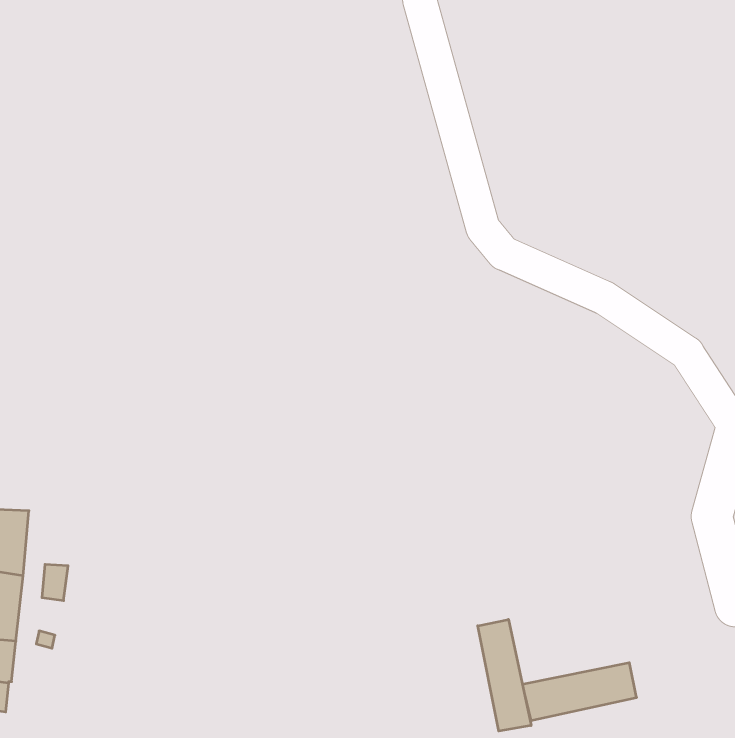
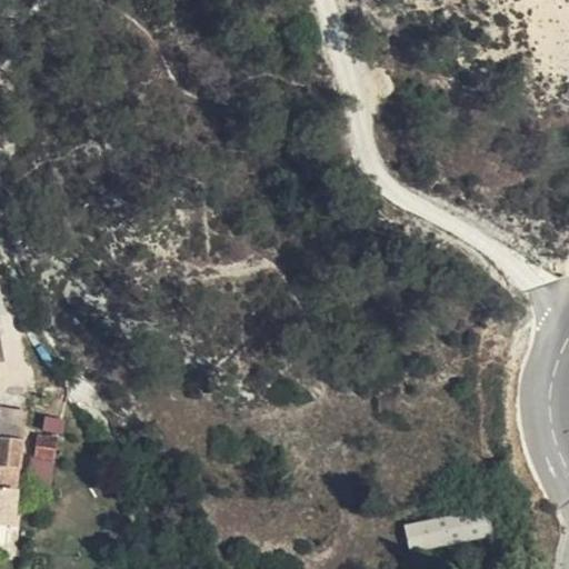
building: [478,619,531,731] -> none

